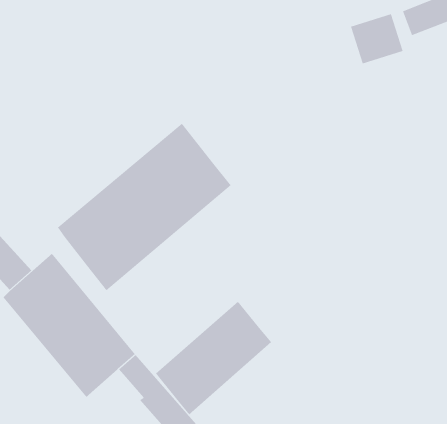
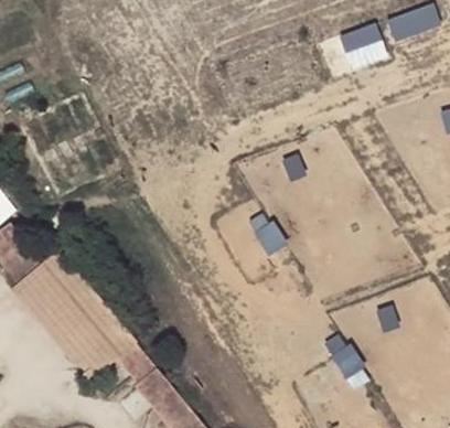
building: [57,123,231,291] -> none
building: [155,301,272,415] -> none

